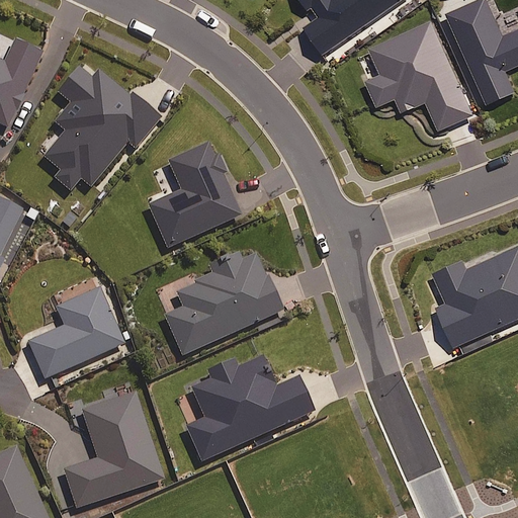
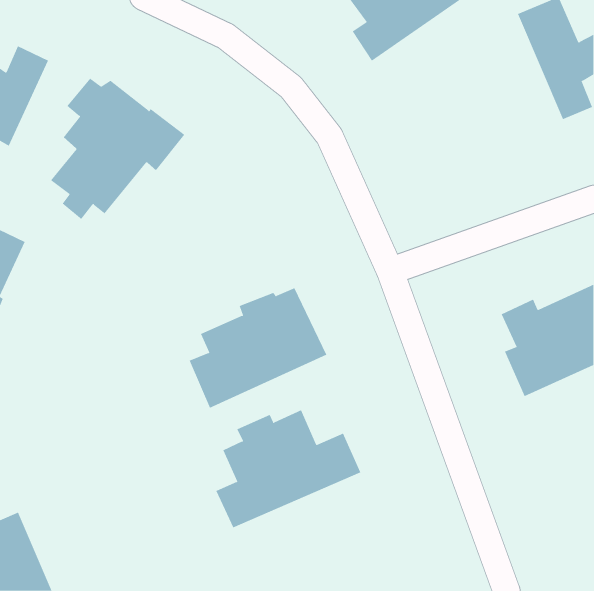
building: [364,20,473,130] -> none
building: [150,142,240,246] -> none
building: [28,287,124,378] -> none
building: [65,393,162,507] -> none

